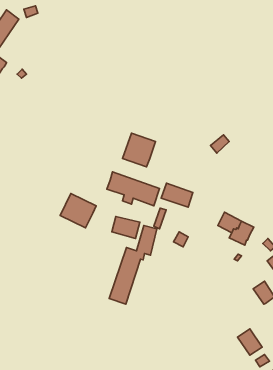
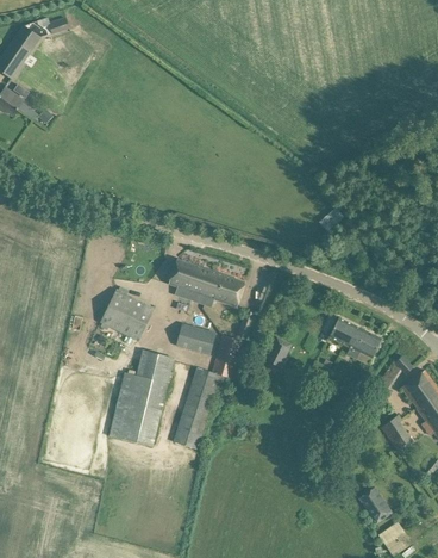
building: [123,133,156,167] -> none
building: [161,183,193,207] -> none
building: none -> [108,349,175,446]

